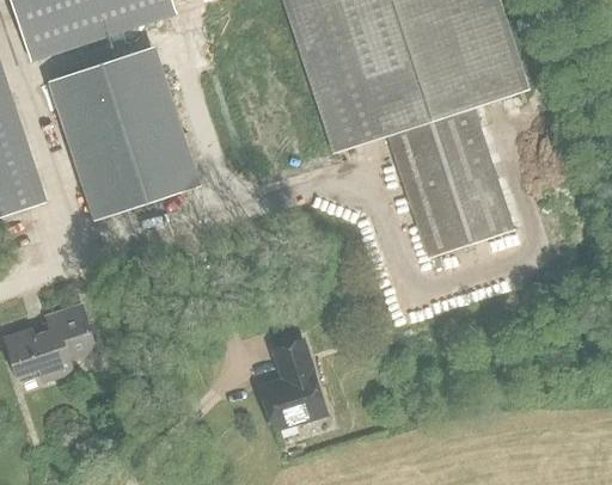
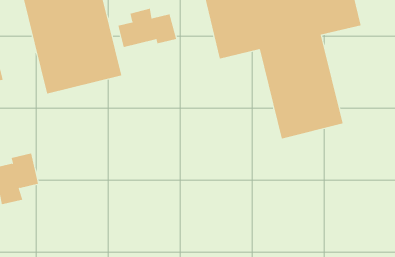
building: none -> [118,8,177,48]
building: [261,338,325,428] -> none

